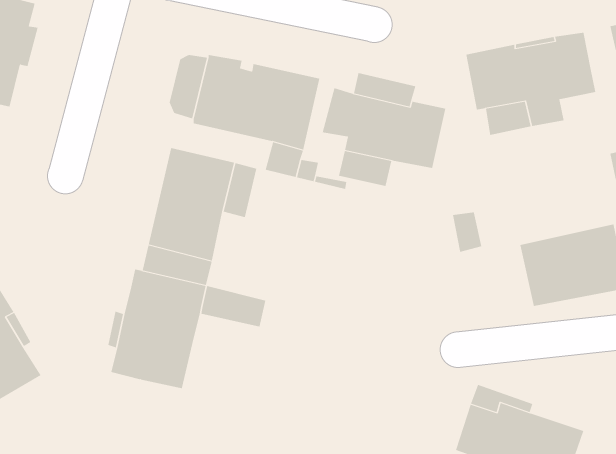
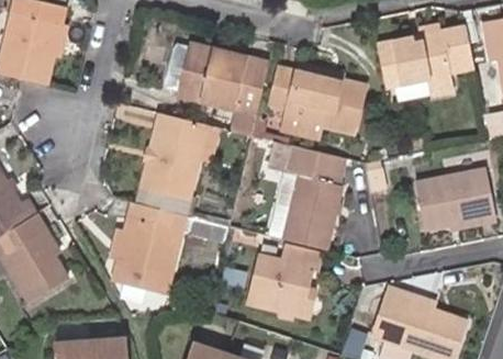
building: none -> [269,144,348,247]
building: none -> [250,244,320,314]

